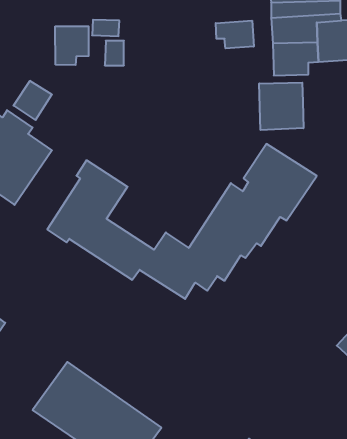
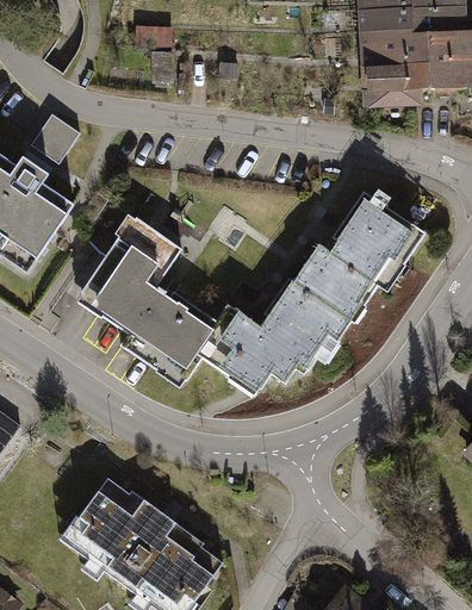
building: [216,21,254,48] -> none
building: [55,26,89,65] -> none
building: [259,83,303,130] -> none

